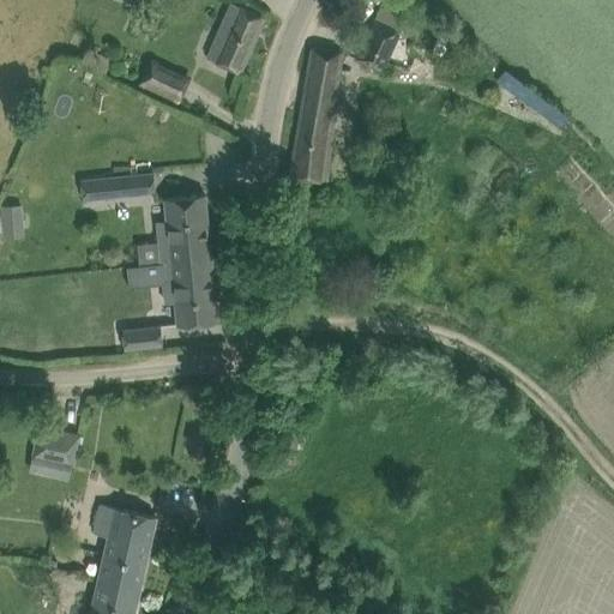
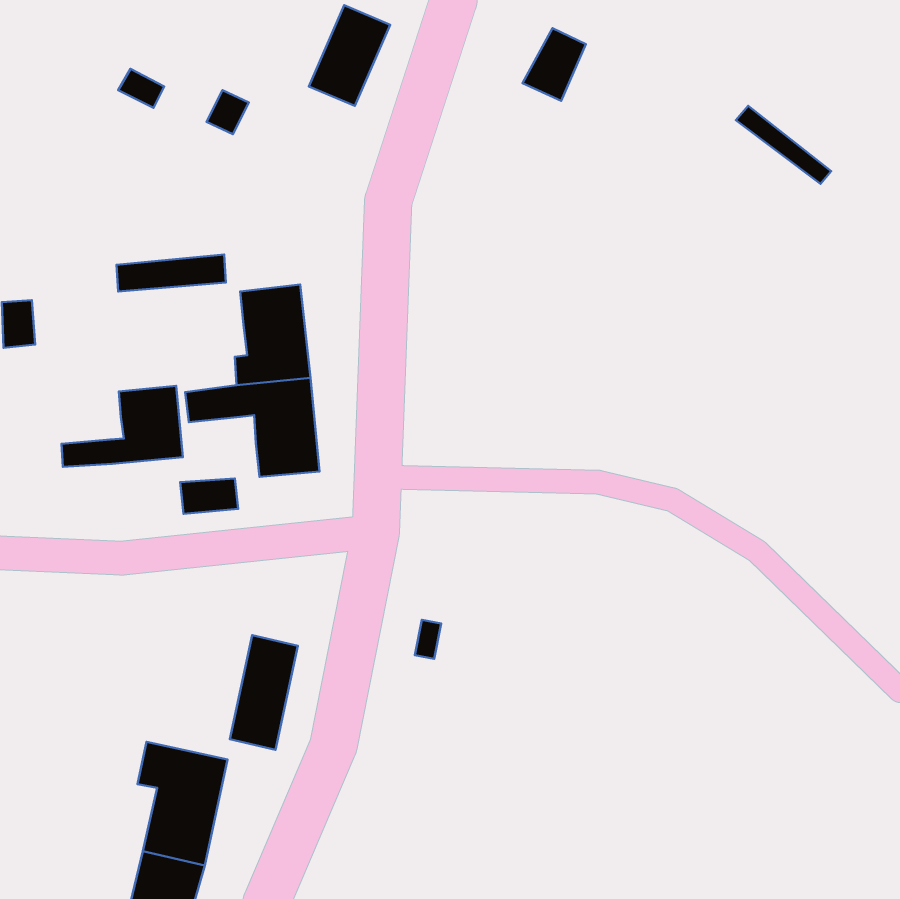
building: [289,50,343,185] -> none
building: none -> [61,386,183,467]
building: [31,427,80,468] -> none
building: none -> [230,635,298,750]

